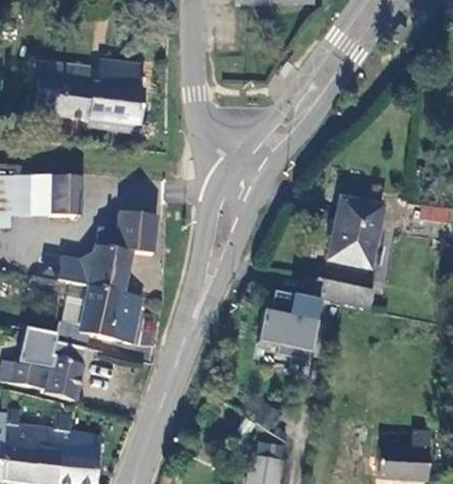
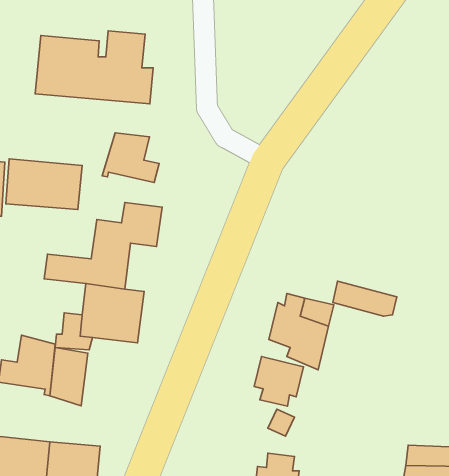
building: none -> [102,133,159,183]
building: [321,199,380,262] -> none
building: none -> [254,356,303,406]

